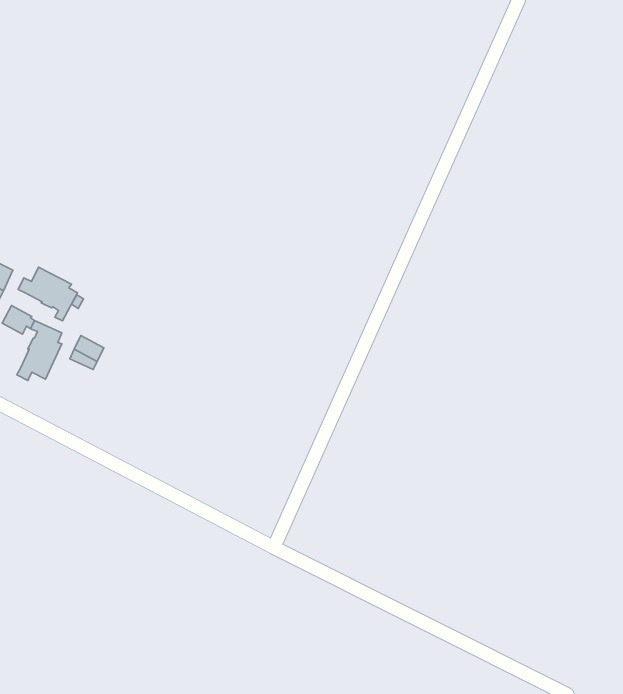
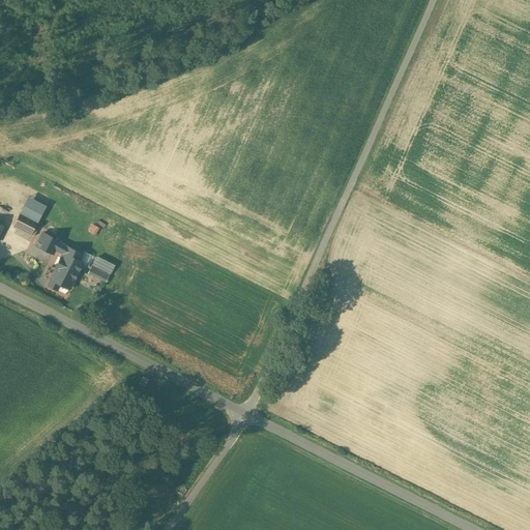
building: [18,267,77,321] -> none

